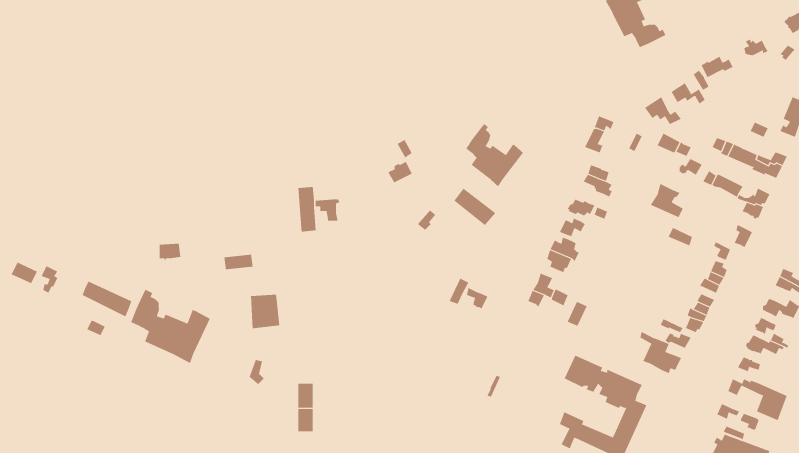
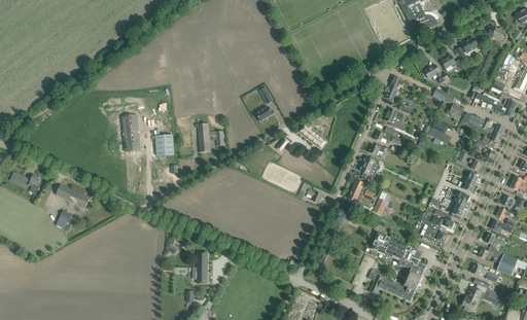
building: [465,123,524,187] -> none
building: none -> [122,114,140,151]
building: [130,289,210,364] -> none
building: [250,294,280,329] -> [155,134,175,156]

